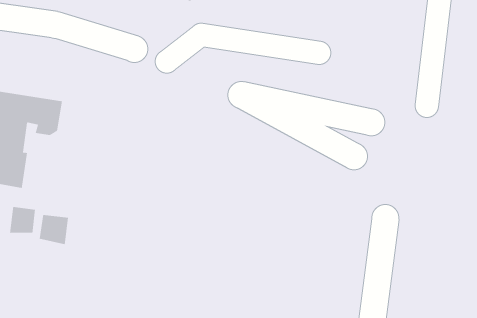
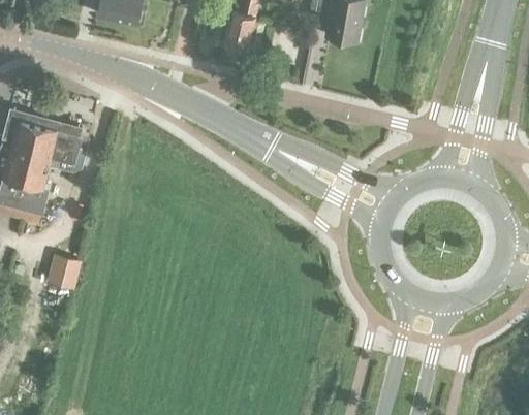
building: [9,206,36,234] -> none

